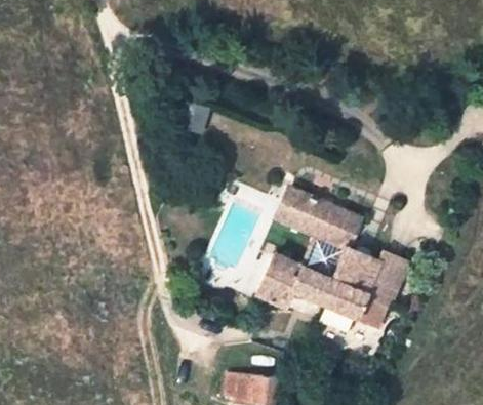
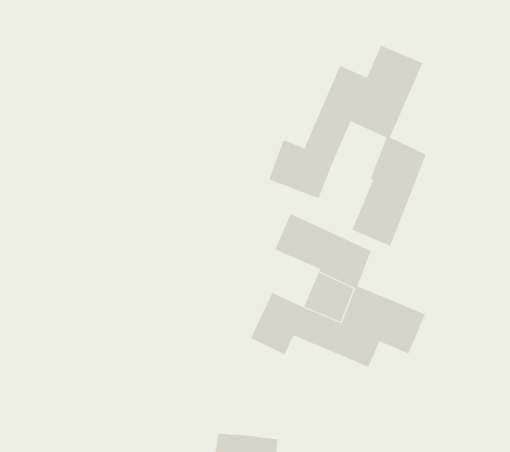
building: none -> [268,45,426,246]

